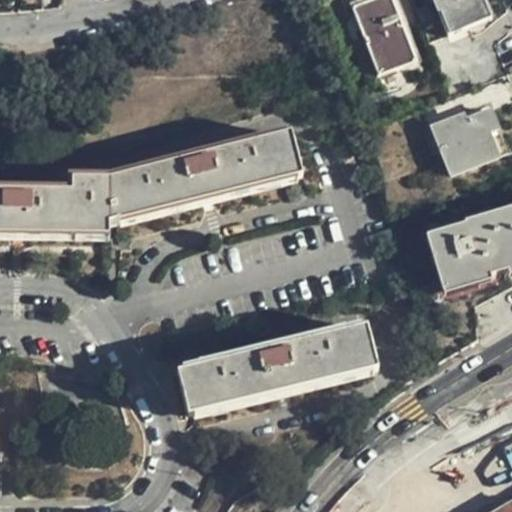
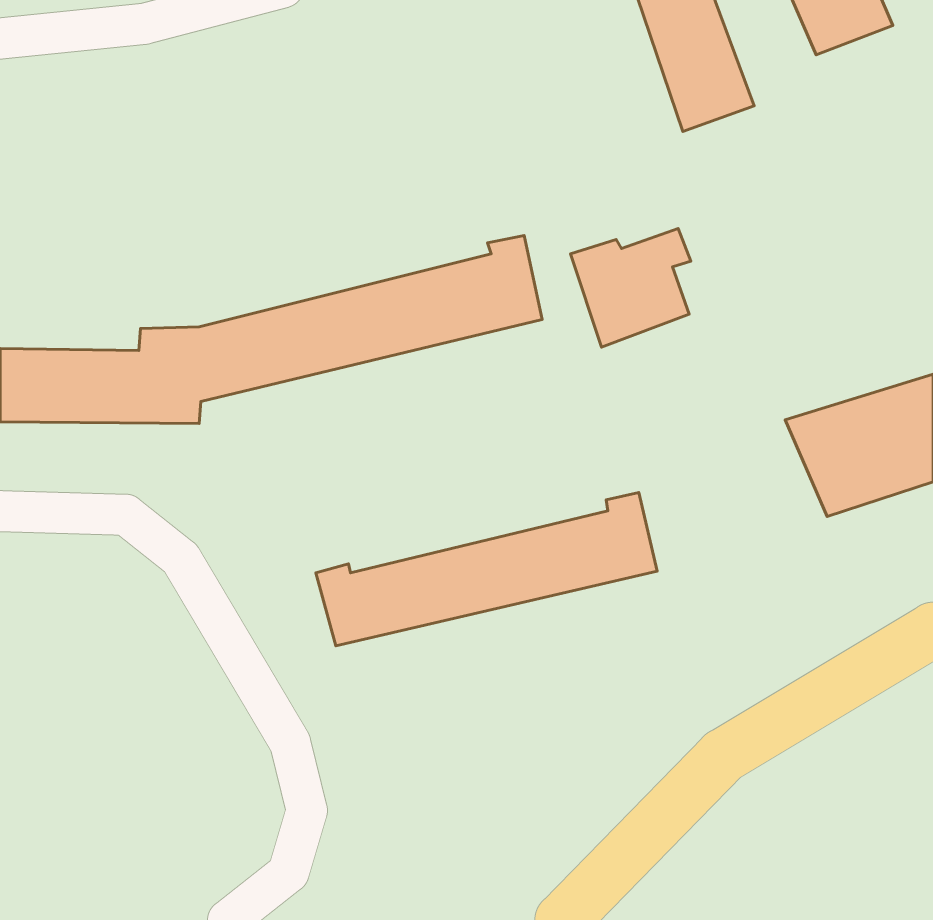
building: [428,101,494,166] -> [570,228,691,347]
building: [183,323,370,407] -> [316,493,657,646]

